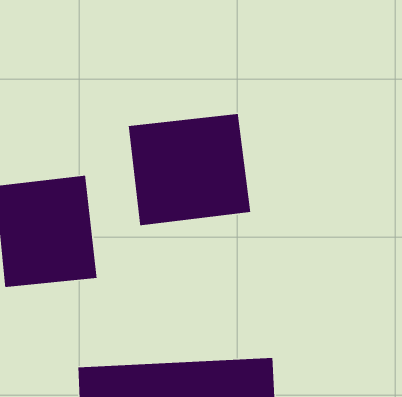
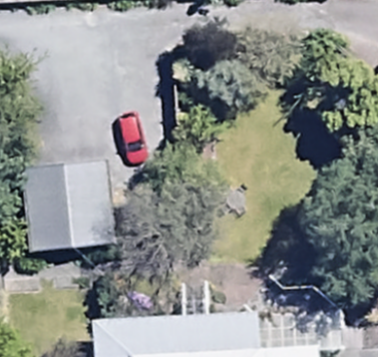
building: [128,113,251,226] -> none

